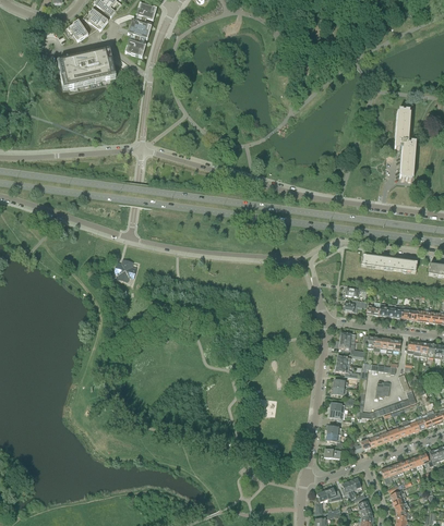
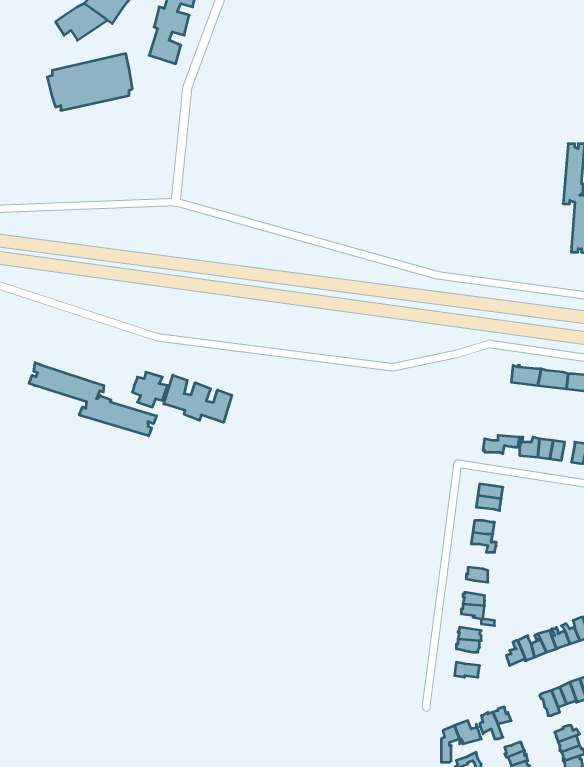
building: none -> [29,363,157,436]
building: none -> [164,375,232,422]

